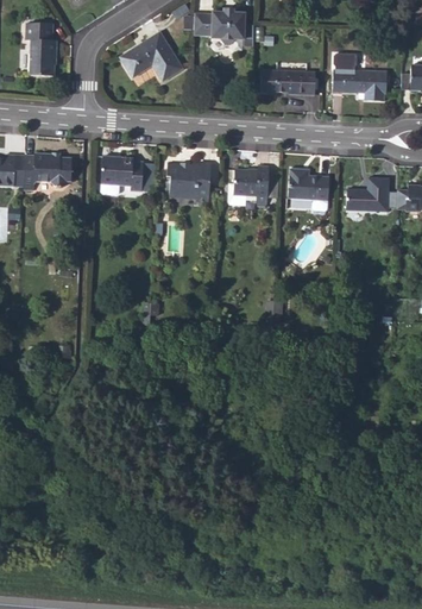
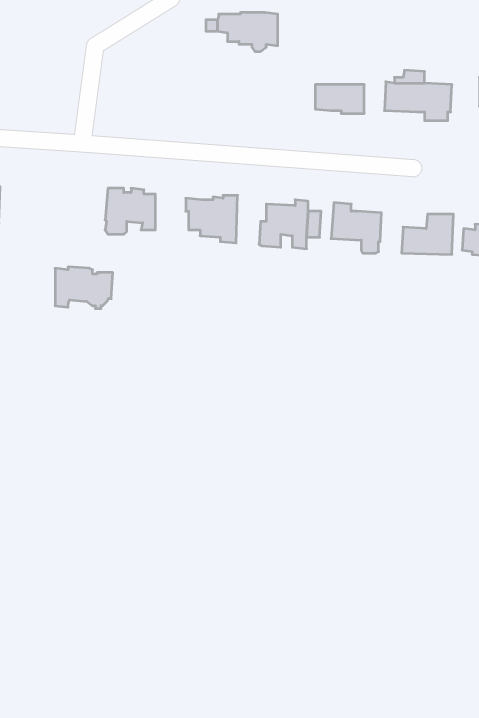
building: [26,21,57,75] -> none
building: [120,30,183,80] -> none
building: [24,152,71,187] -> [55,267,113,309]

